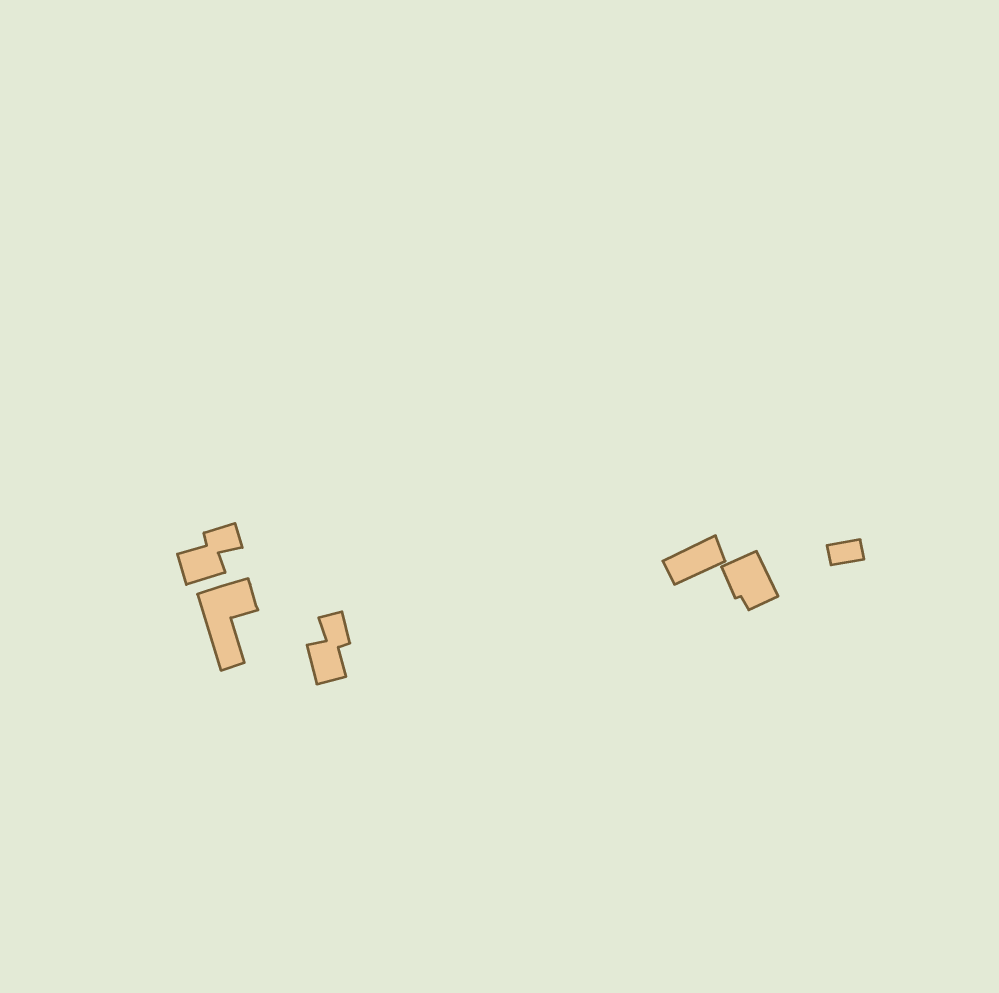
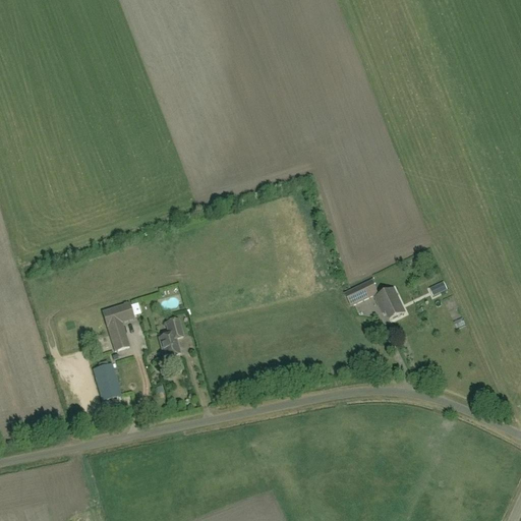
building: [177,523,242,585] -> none
building: none -> [93,362,121,399]

